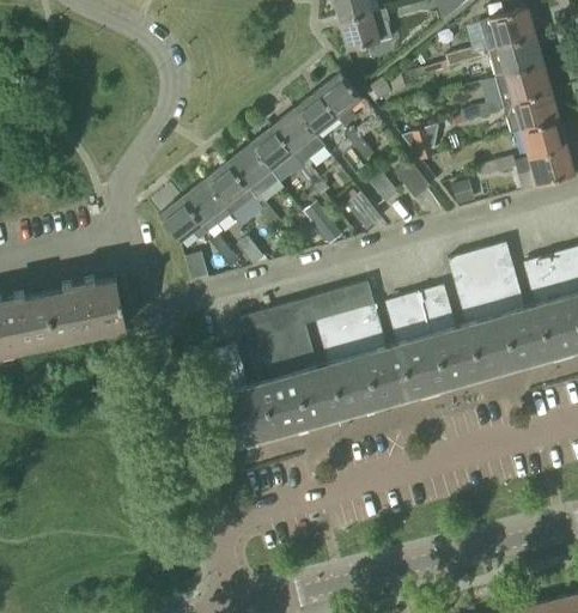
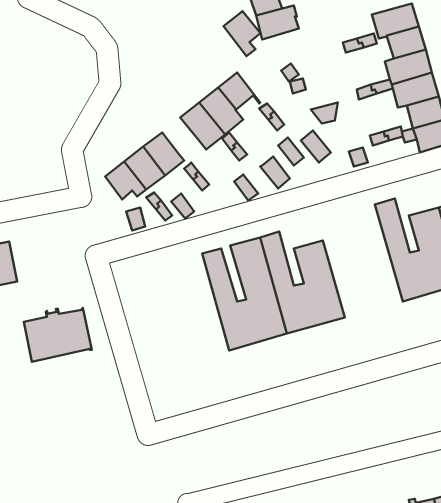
building: [317,73,361,127] -> [223,11,260,56]
building: [227,145,270,189] -> none
building: [420,249,516,384] -> none
building: [44,277,126,341] -> [24,308,92,362]
building: [212,308,308,443] -> none

